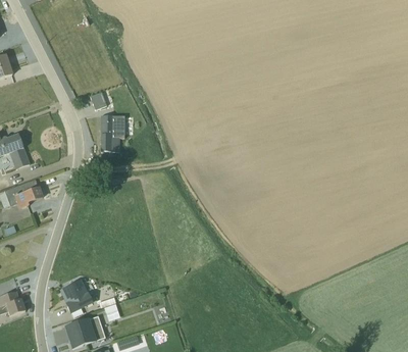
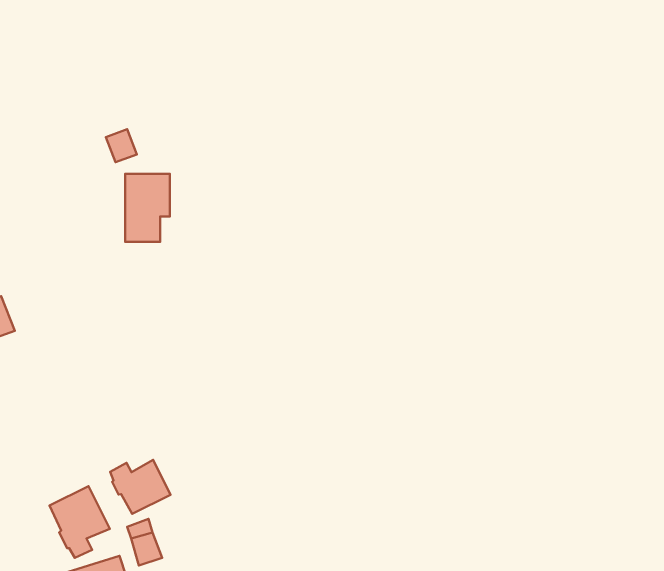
building: none -> [110,460,171,514]

